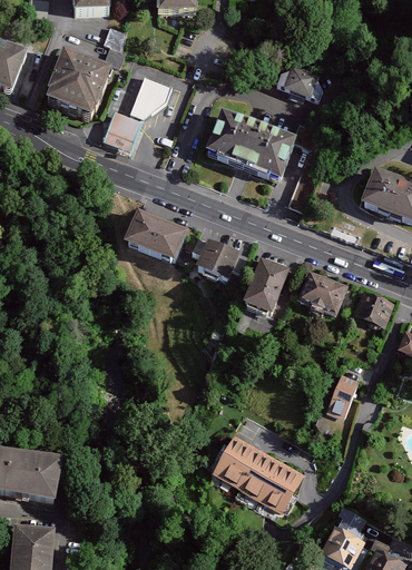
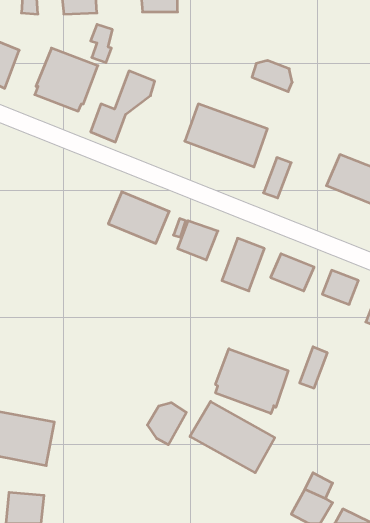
building: none -> [216,349,288,414]
building: none -> [147,403,186,445]

